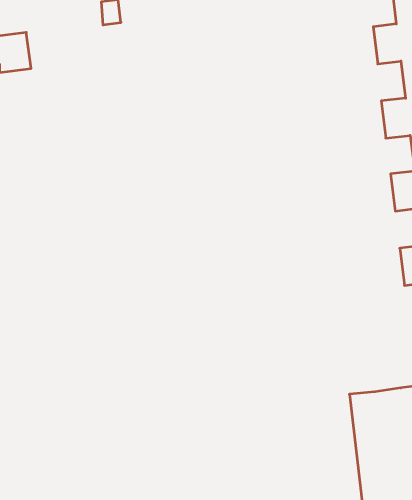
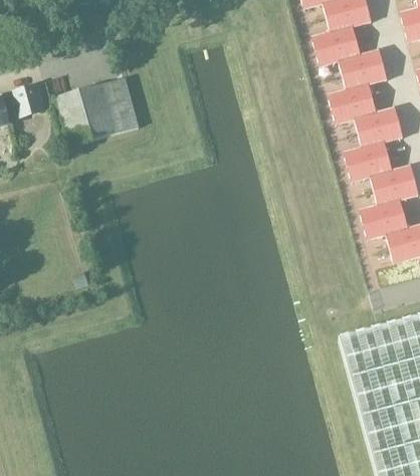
building: none -> [57,78,140,147]

